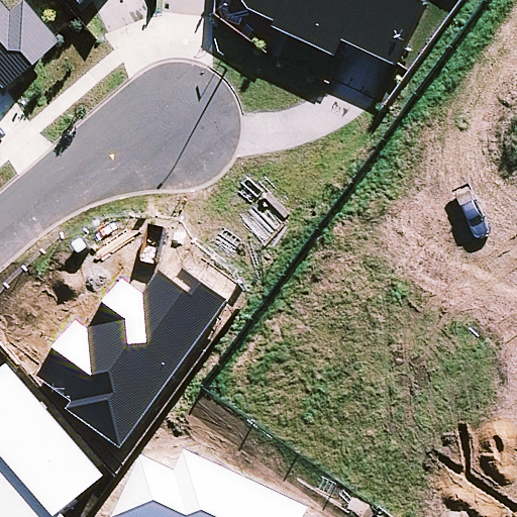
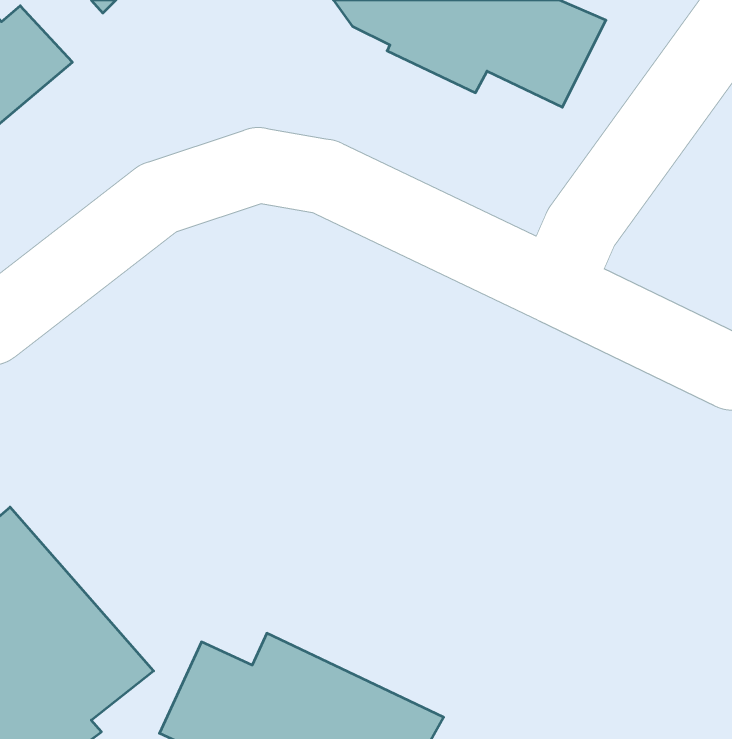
building: [37,264,225,444] -> none

